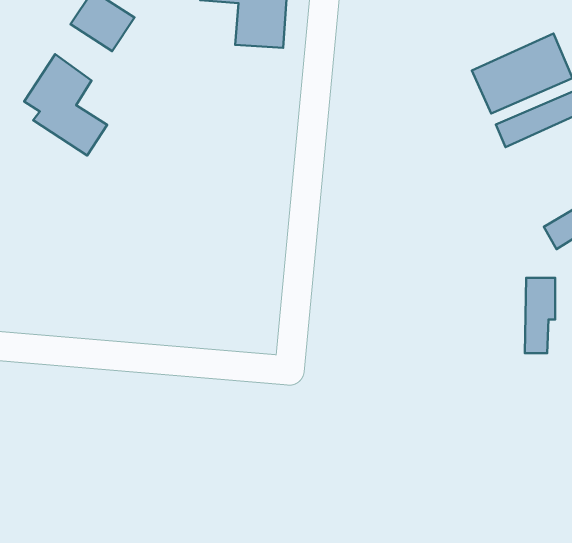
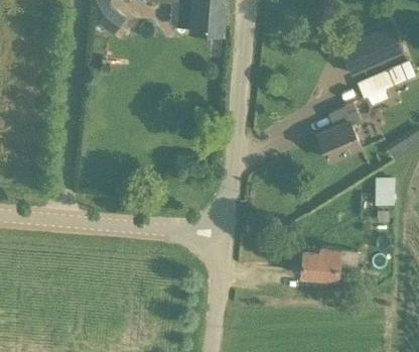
building: [24,54,107,155] -> none
building: none -> [318,106,361,162]
building: none -> [300,248,355,280]

